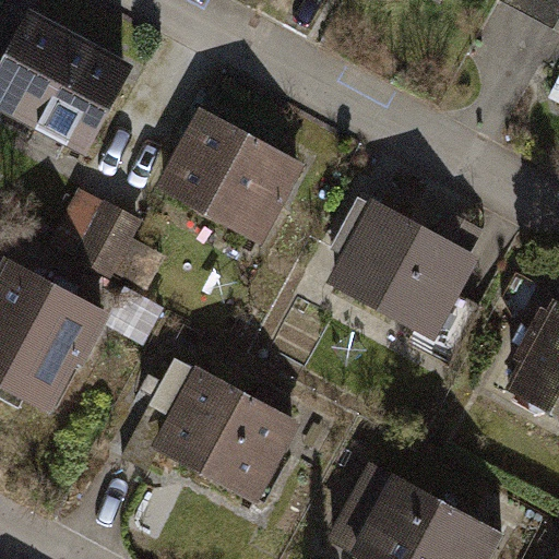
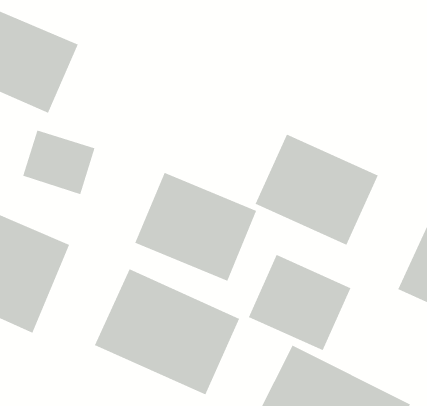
building: [155,108,306,246] -> [134,172,257,282]
building: none -> [248,254,351,351]

